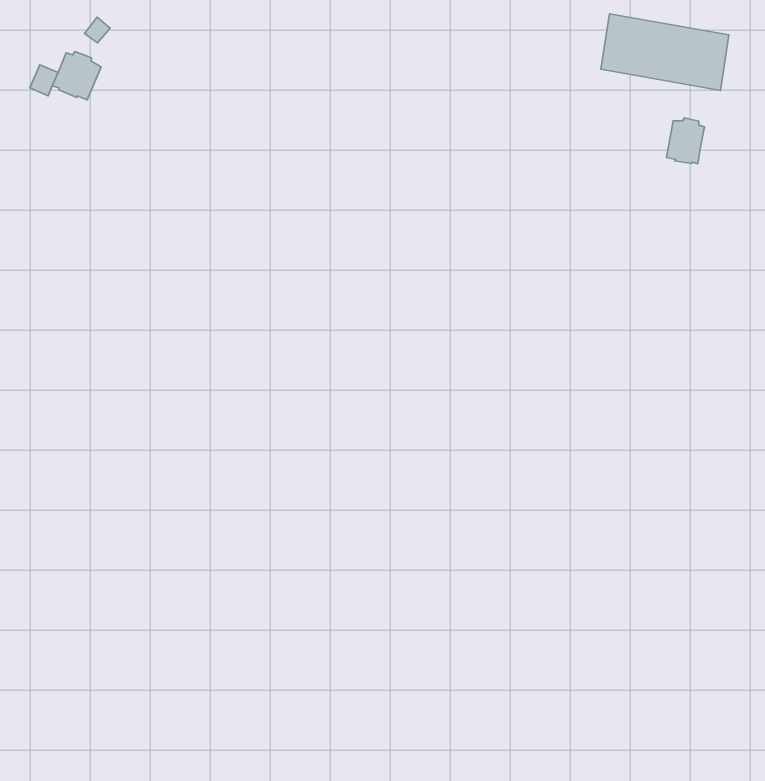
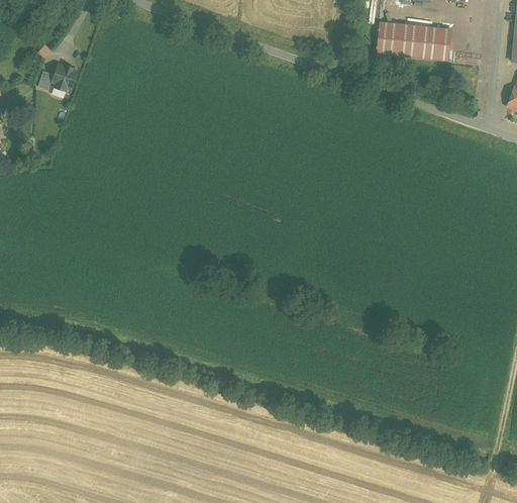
building: [667,118,704,164] -> none

